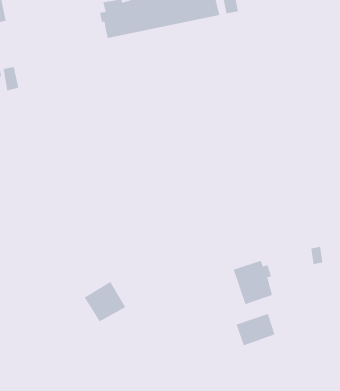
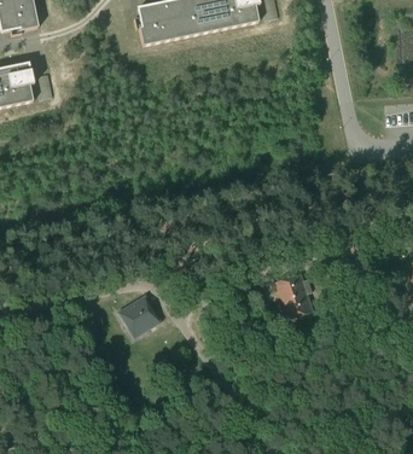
building: [236,313,275,346] -> none

